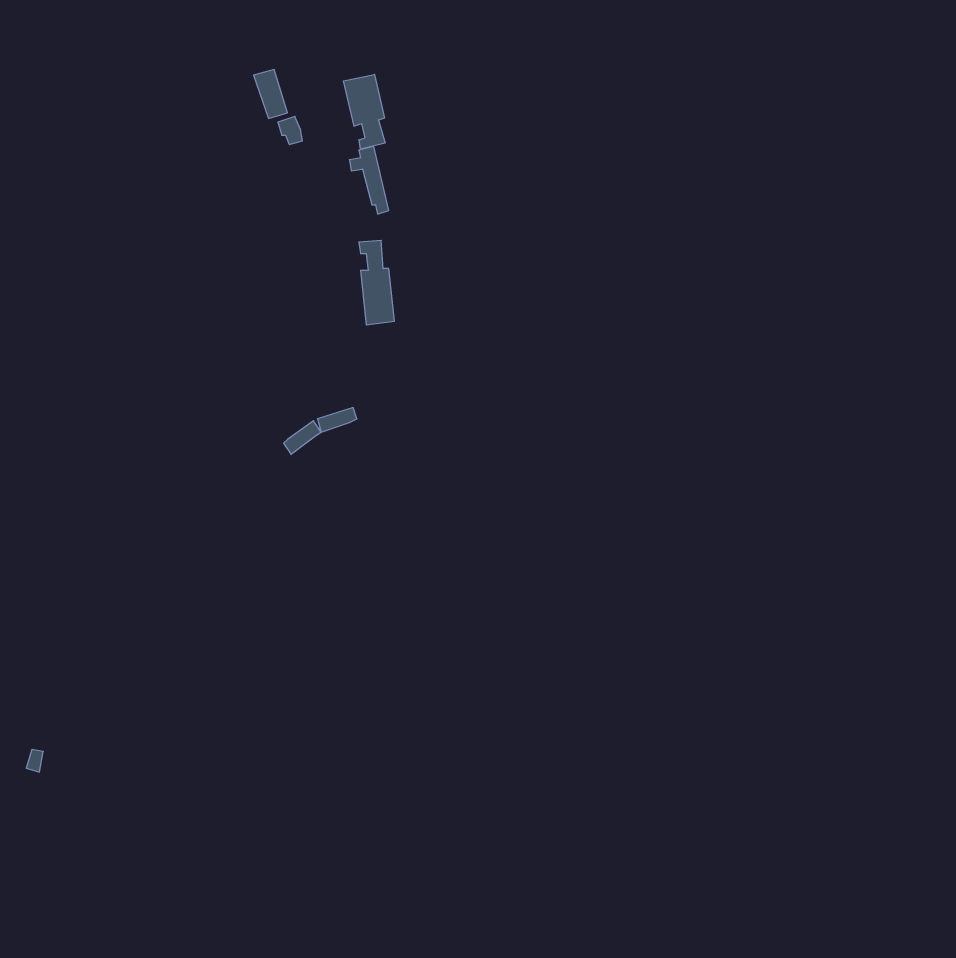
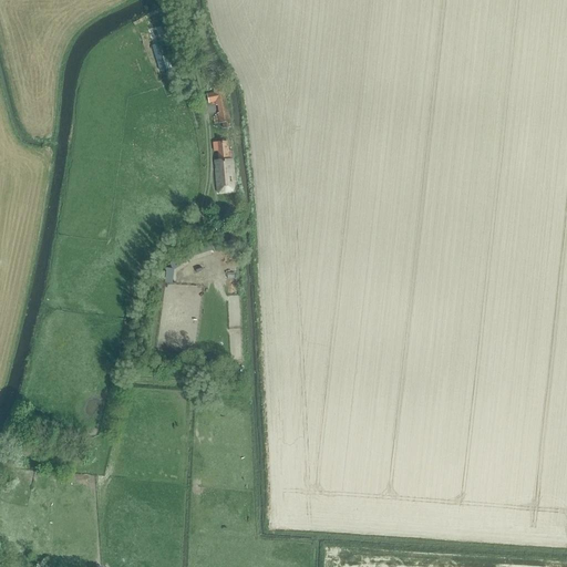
building: [343,74,385,149] -> none

